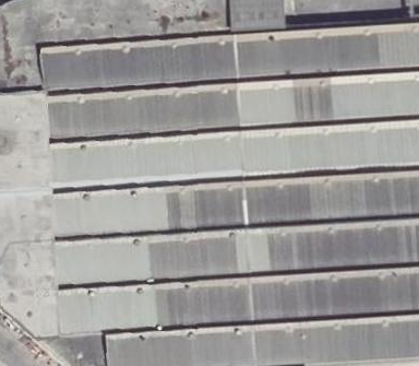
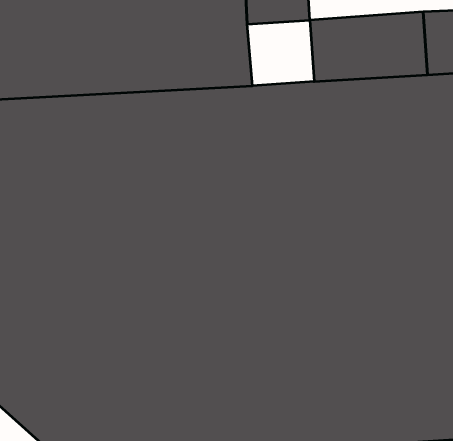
building: [232,27,286,80] -> none

